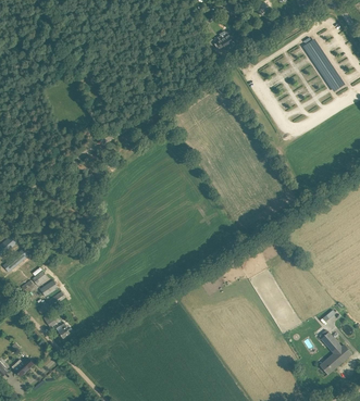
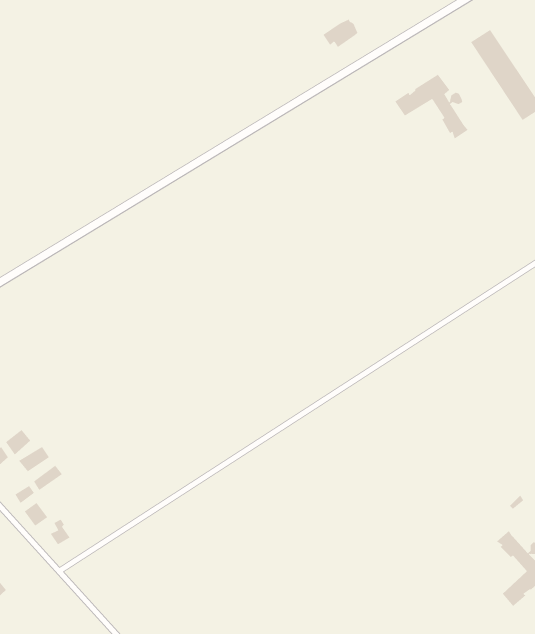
building: none -> [395,74,468,139]

